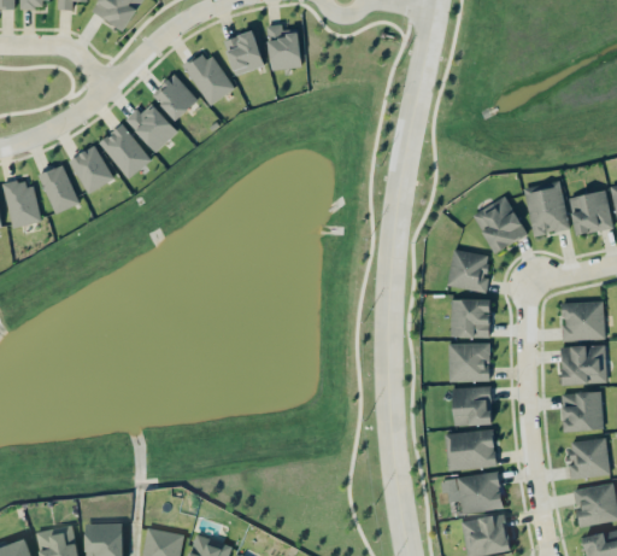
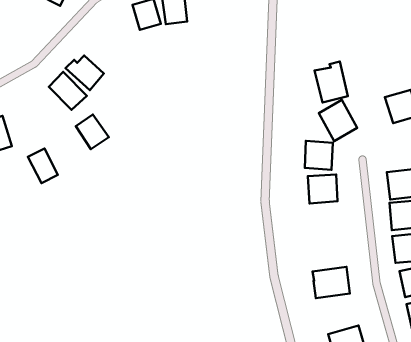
building: [184,51,234,106] -> none
building: [152,75,198,121] -> none
building: [69,146,113,194] -> [76,114,109,149]
building: [39,165,78,213] -> [28,148,58,183]
building: [524,181,568,236] -> [315,61,348,103]
building: [448,343,489,382] -> none
building: [452,387,492,427] -> none
building: [440,473,503,514] -> none

